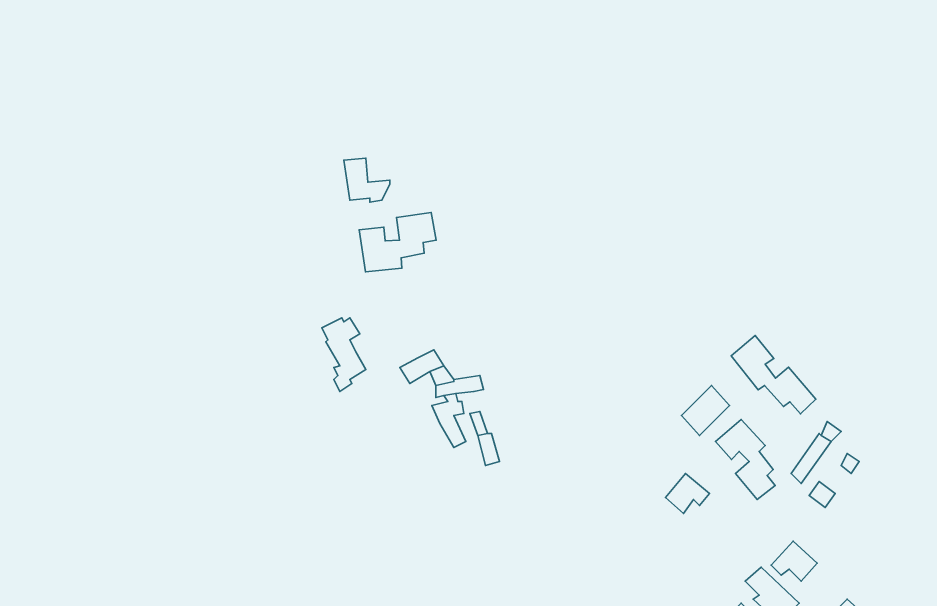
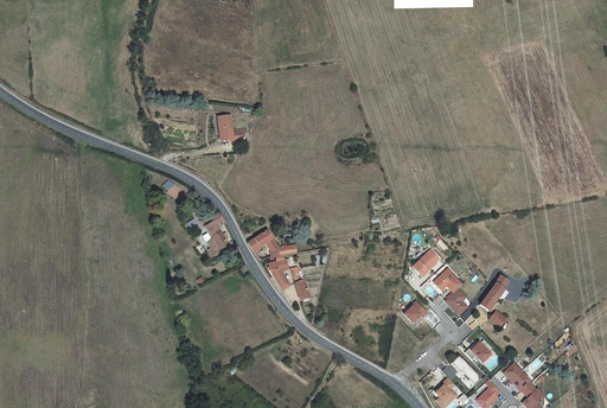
building: [359,212,436,272] -> none
building: [731,335,816,414] -> none

